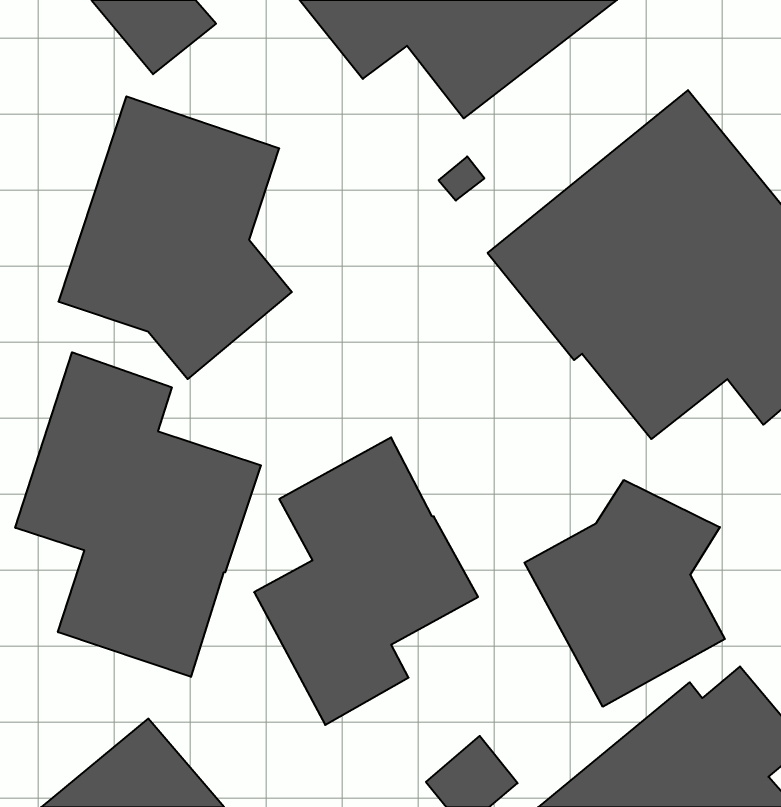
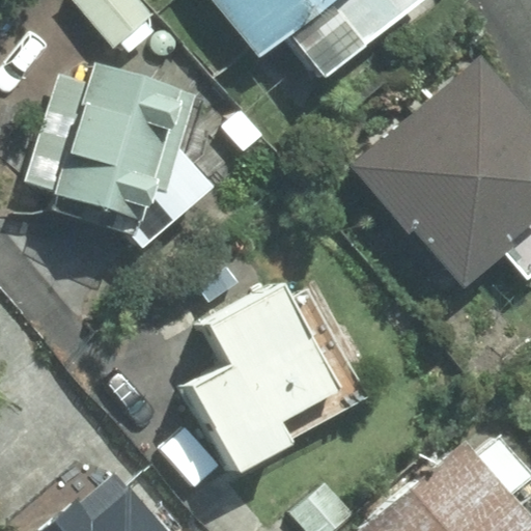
building: [15,352,261,677] -> none
building: [524,480,725,707] -> none

